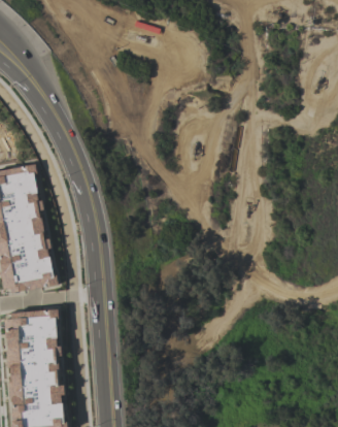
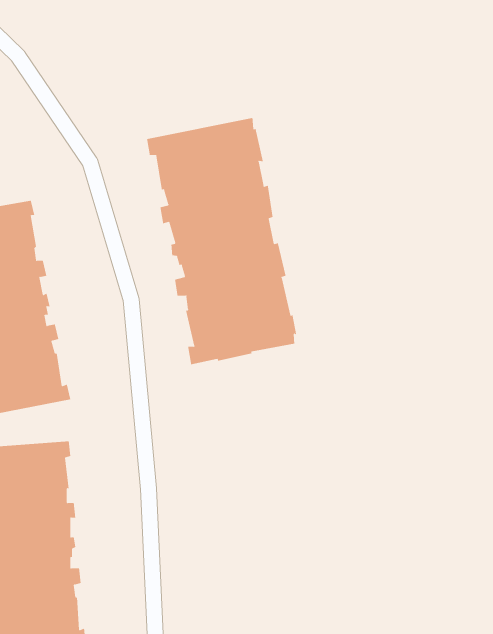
building: none -> [146,117,297,365]

